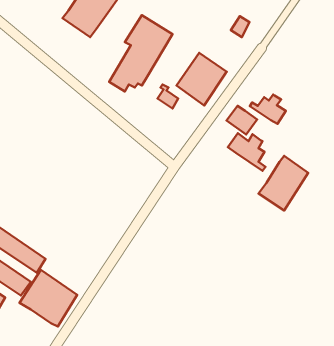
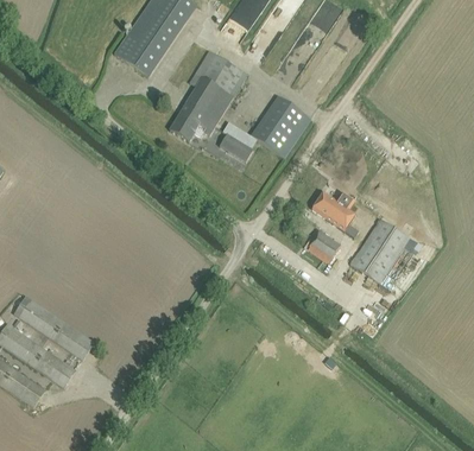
building: [250,94,286,124] -> none
building: [226,106,257,134] -> [303,229,340,263]
building: [19,270,77,327] -> none

